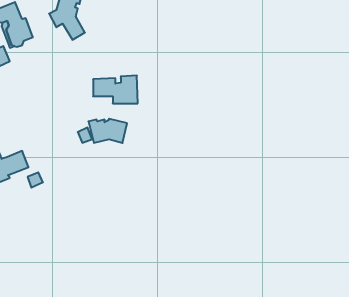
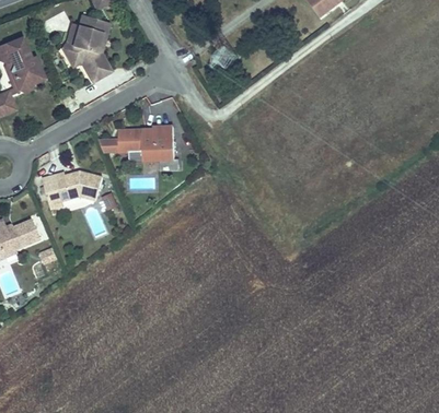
building: [88,119,127,143] -> [54,172,101,201]

